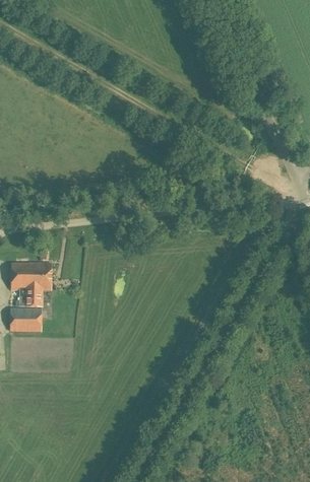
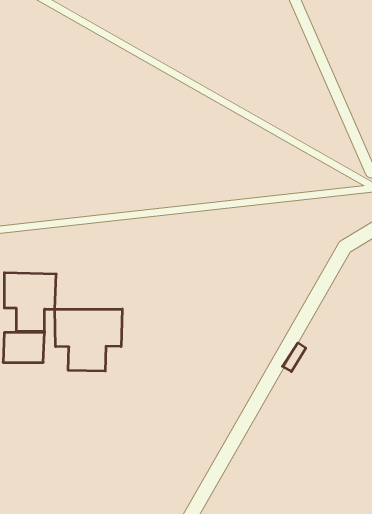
building: none -> [55,309,122,371]

